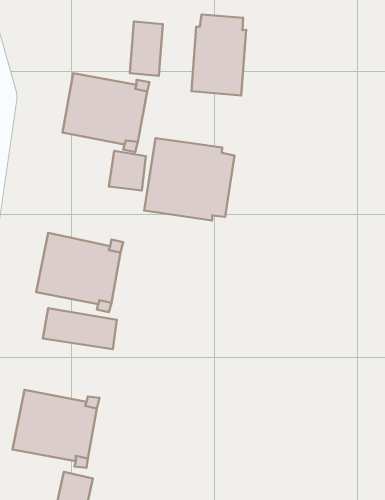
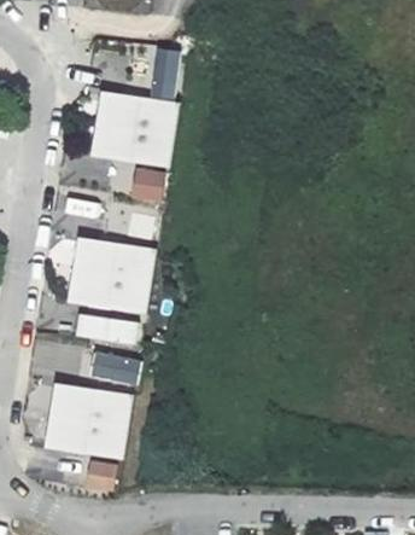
building: [192,14,246,95] -> none
building: [144,138,234,221] -> none
building: none -> [93,349,146,385]

